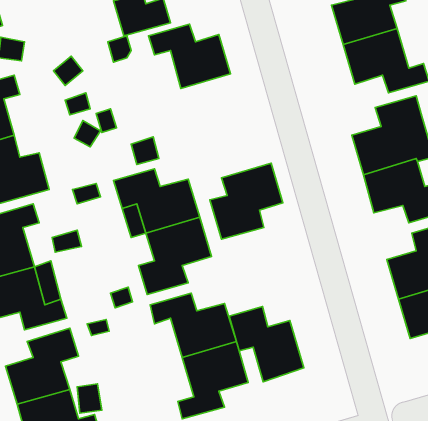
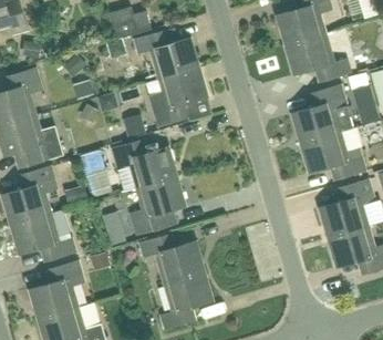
building: [210,163,283,239] -> [153,66,208,124]
building: [229,306,304,382] -> none

